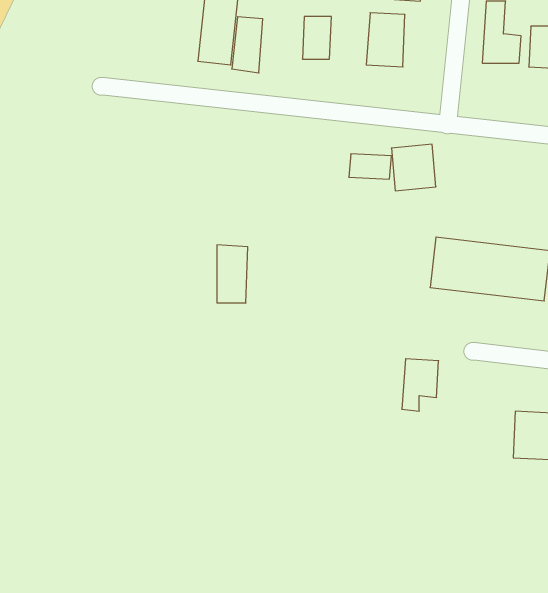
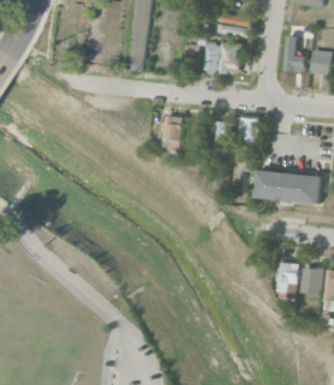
building: [232,17,263,73] -> [203,44,221,75]
building: [217,245,248,303] -> [165,116,183,149]
building: [402,359,439,411] -> [279,263,299,293]

